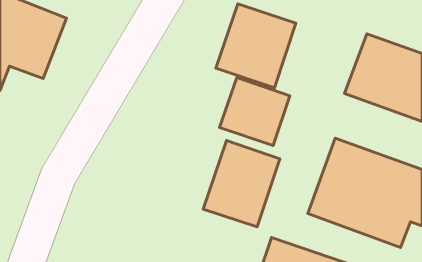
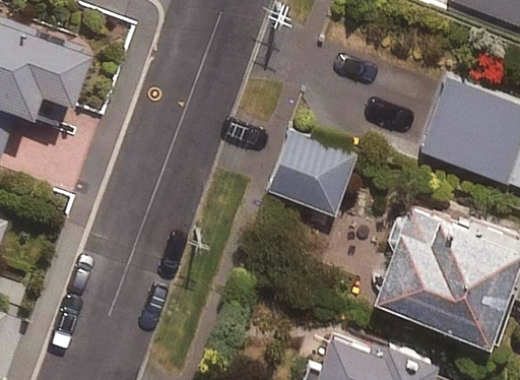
building: [216,4,296,88] -> none
building: [203,140,280,227] -> none

